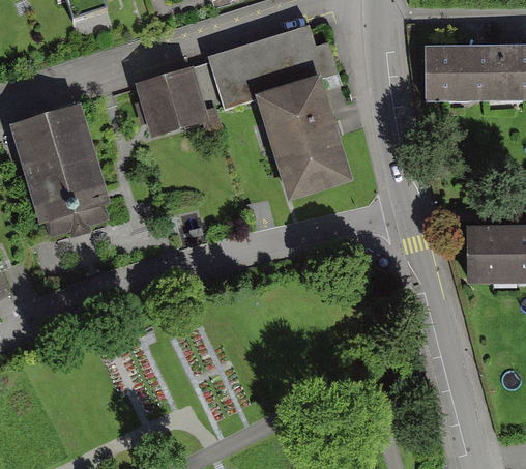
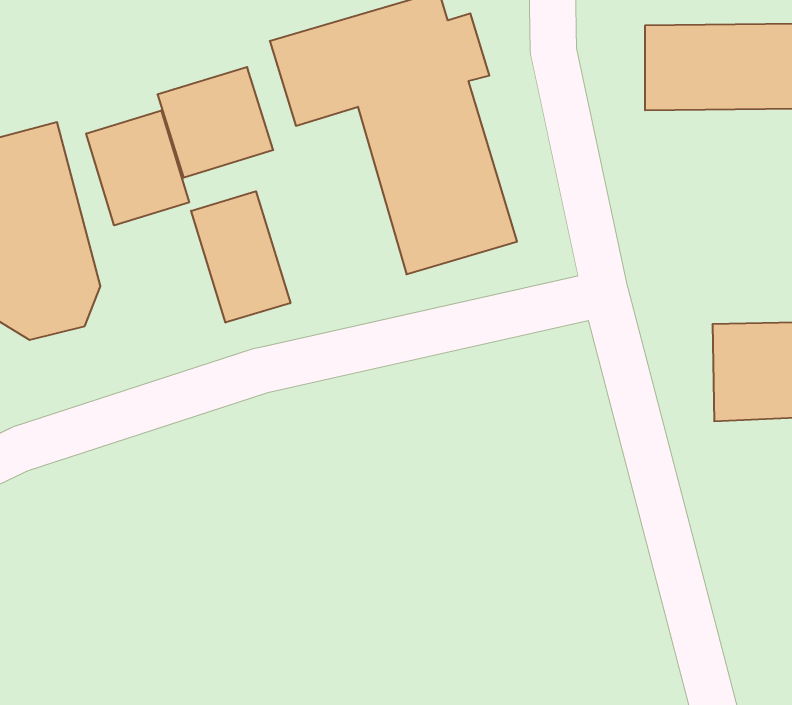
building: none -> [86,110,189,225]
building: none -> [191,191,290,323]

